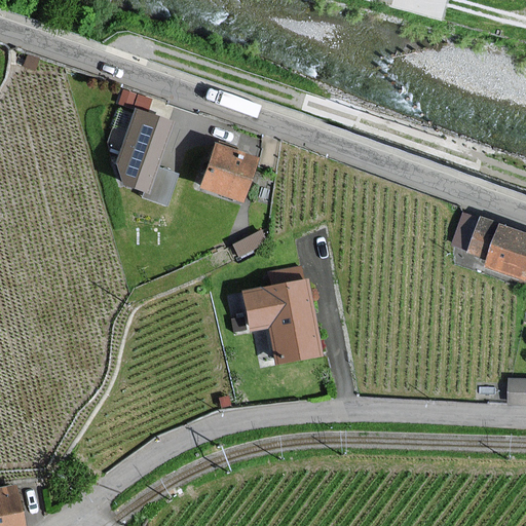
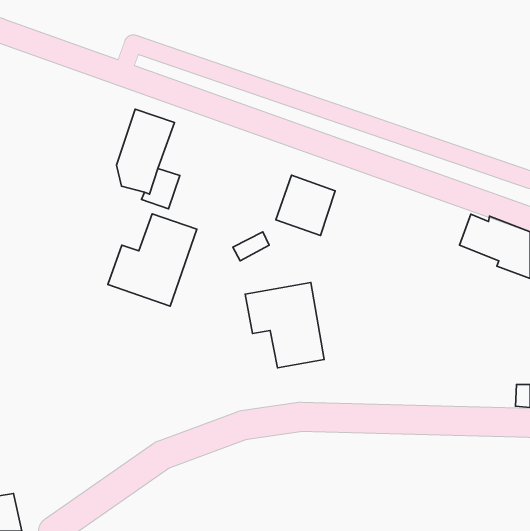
building: [198,143,257,202] -> [276,175,335,235]
building: none -> [108,214,197,306]

